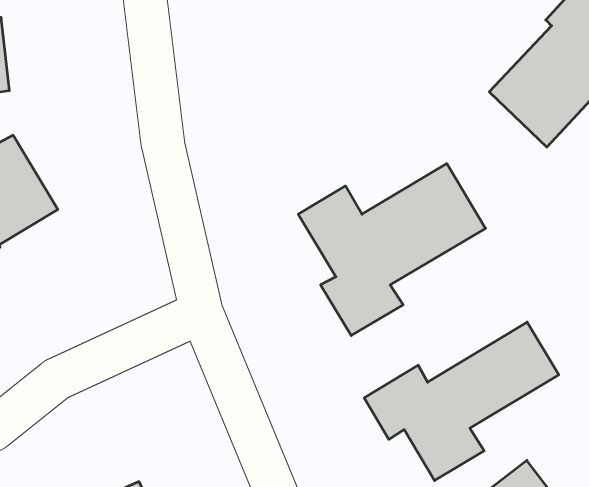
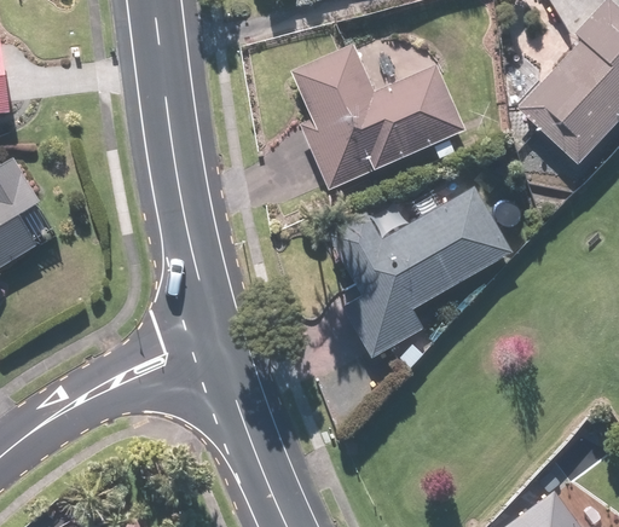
building: none -> [285,41,467,195]
building: [364,322,559,481] -> none

